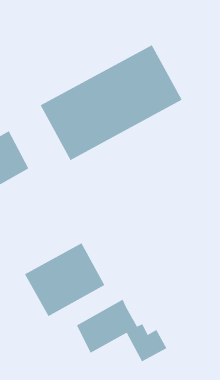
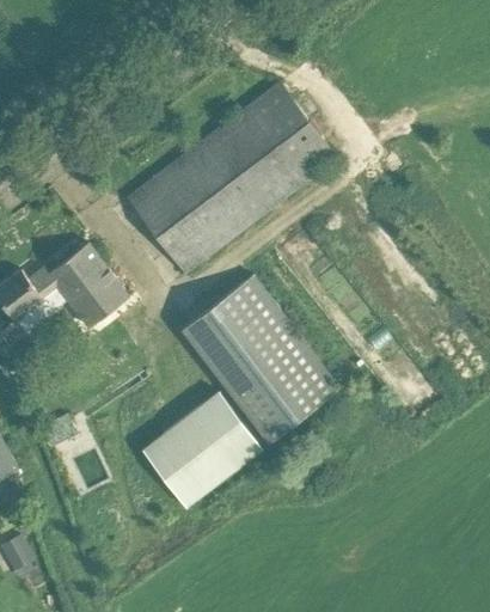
building: none -> [182,273,339,442]
building: [76,299,167,362] -> none

